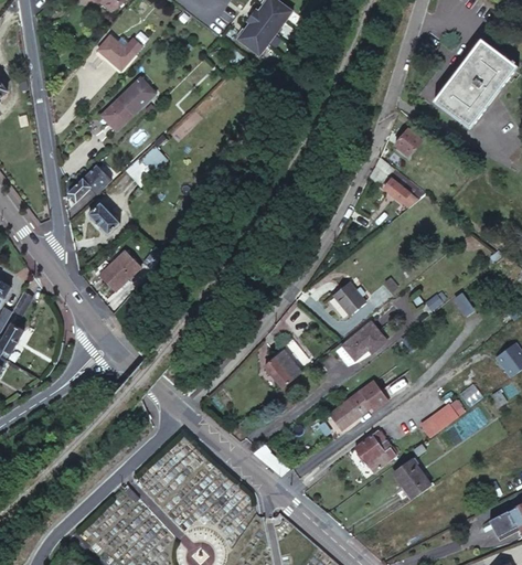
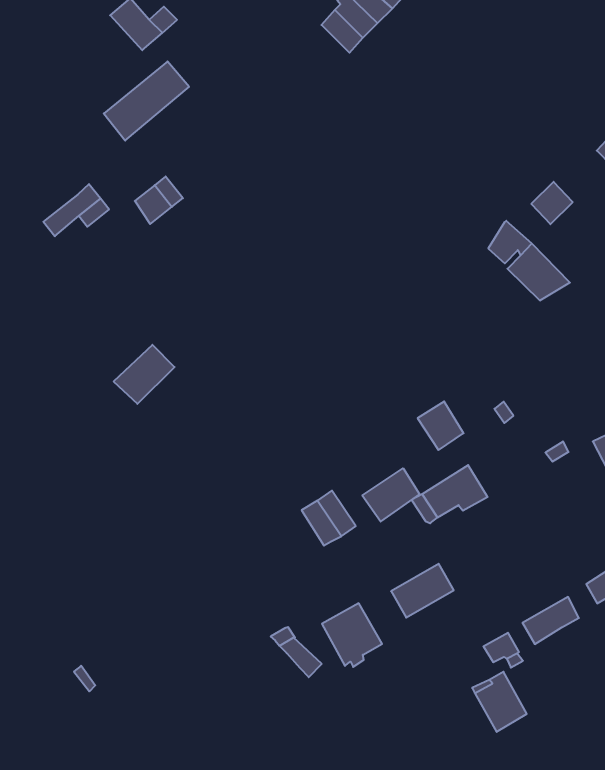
building: [87,199,124,234] -> none
building: [102,242,141,282] -> [114,345,175,404]
building: none -> [362,468,420,522]
building: [360,381,390,411] -> none
building: [354,429,396,472] -> [322,603,382,667]

